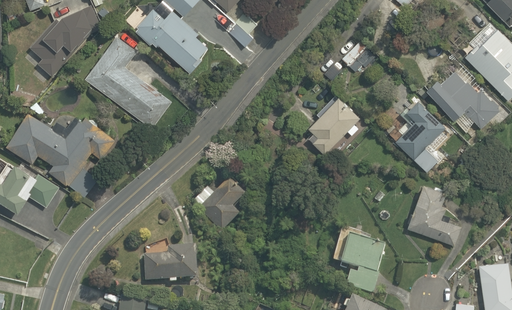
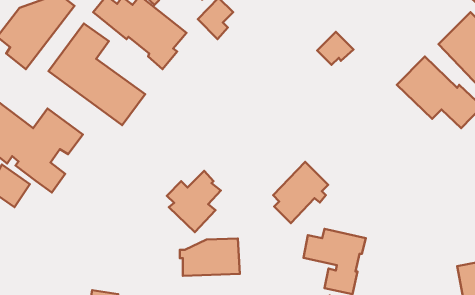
building: [306,97,359,156] -> [273,162,328,223]
building: [393,103,446,173] -> none
building: [402,181,461,248] -> none
building: [141,244,199,280] -> [180,239,240,276]

